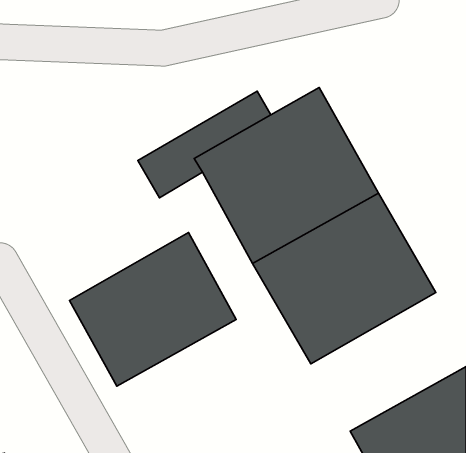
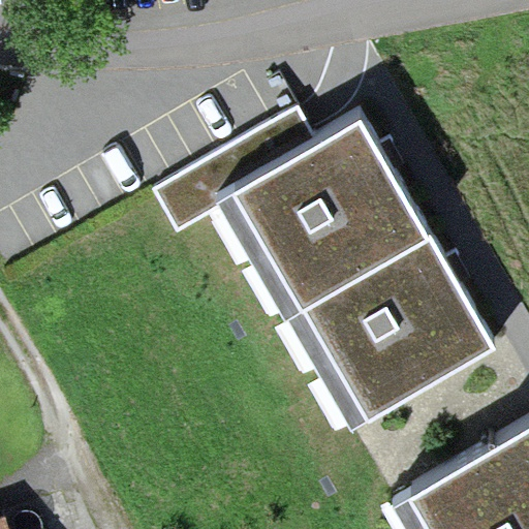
building: [70,233,236,386] -> none

